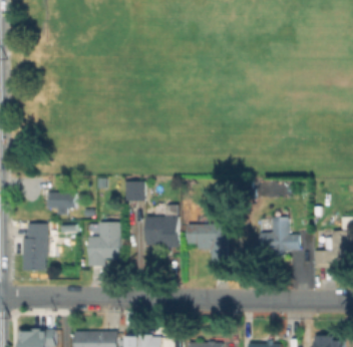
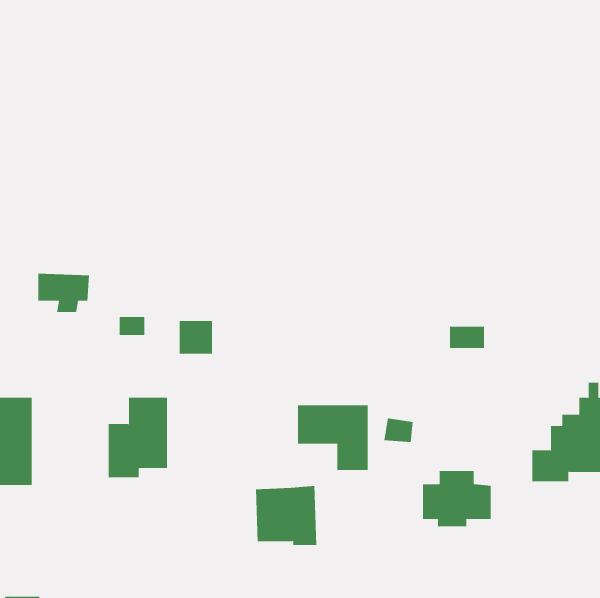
building: [46,193,74,214] -> [37,273,90,313]
building: [145,214,179,246] -> [255,486,317,546]
building: [260,225,297,255] -> [422,471,491,527]

